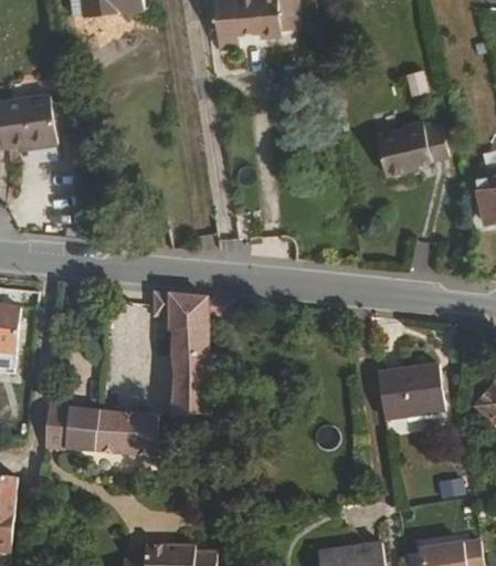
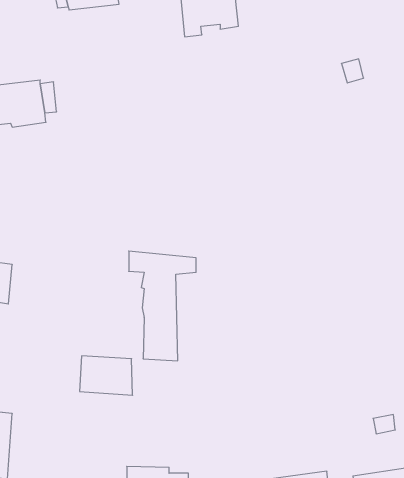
building: [378,126,451,178] -> none
building: [377,356,444,418] -> none
building: [48,408,99,452] -> none

